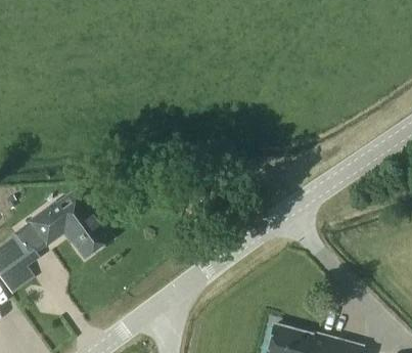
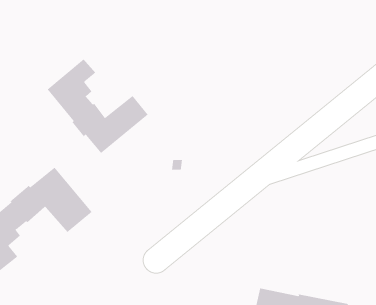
building: none -> [47,58,149,154]

